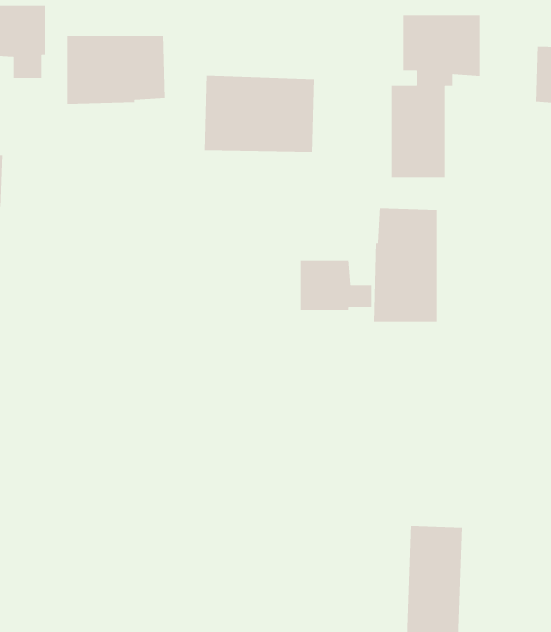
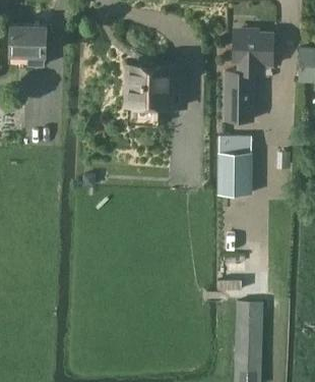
building: [67,35,165,105] -> none
building: [300,260,372,311] -> none

